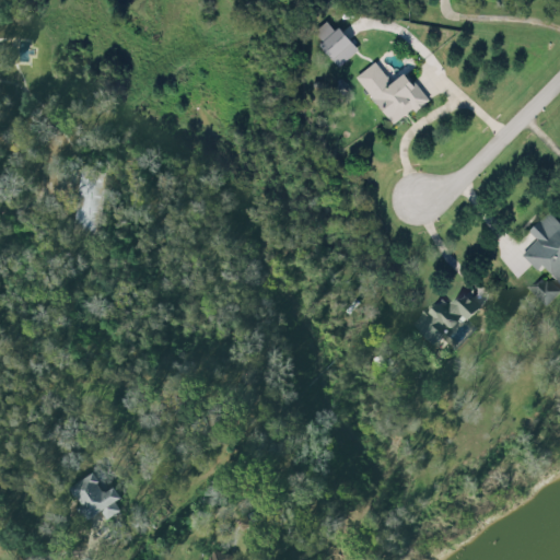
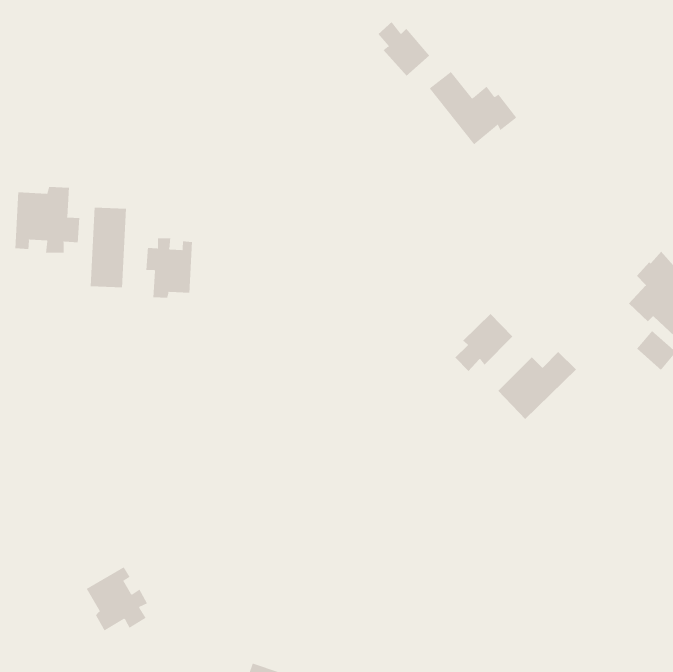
building: none -> [15,186,80,254]
building: none -> [146,238,192,299]
building: none -> [455,313,513,372]

